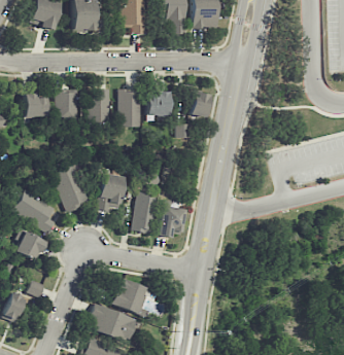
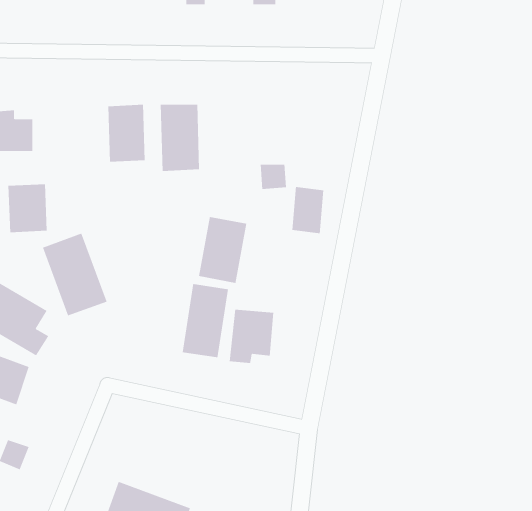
building: [57,91,79,118] -> [8,184,48,233]
building: [147,92,170,115] -> none
building: [191,92,209,118] -> [291,187,324,234]
building: [98,173,126,211] -> [198,216,247,283]
building: [111,278,146,312] -> none

